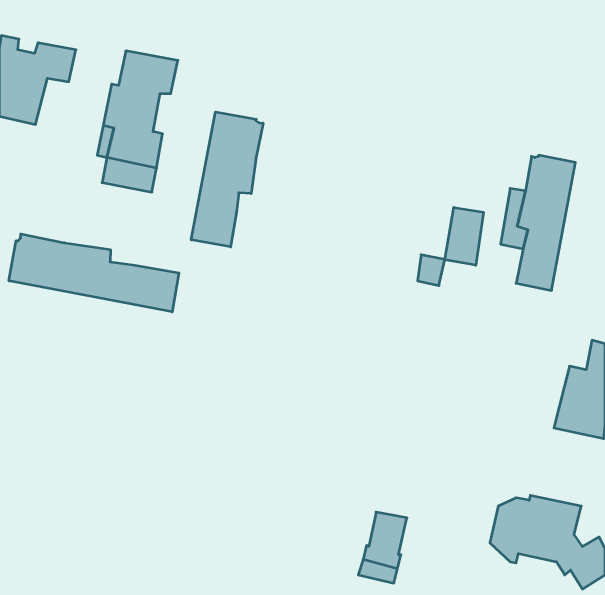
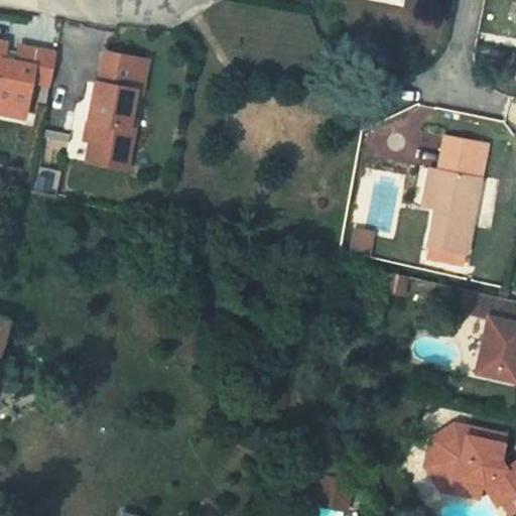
building: [191,112,263,247] -> none
building: [445,207,483,265] -> none
building: [9,234,179,312] -> none

